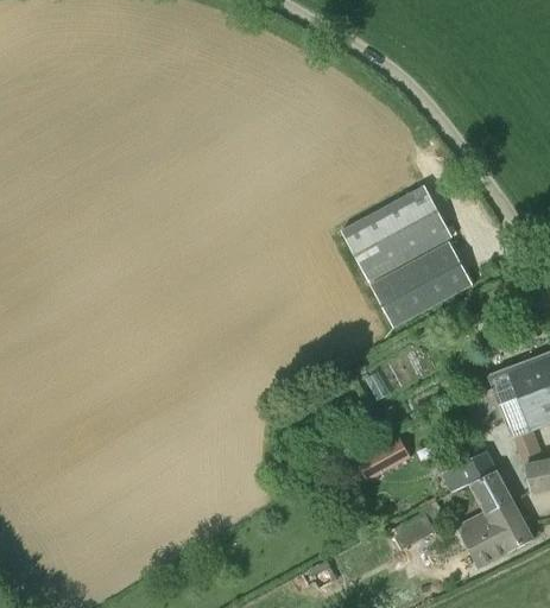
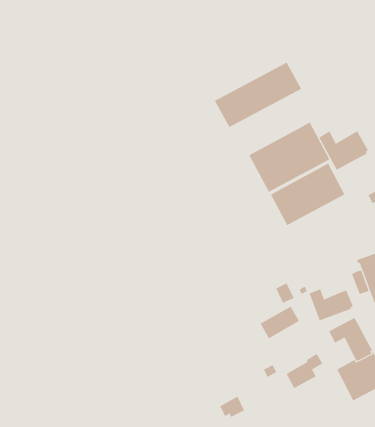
building: none -> [214,62,302,128]
building: none -> [318,131,369,171]
building: none -> [309,288,353,321]

